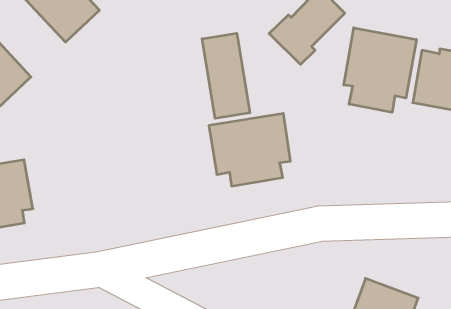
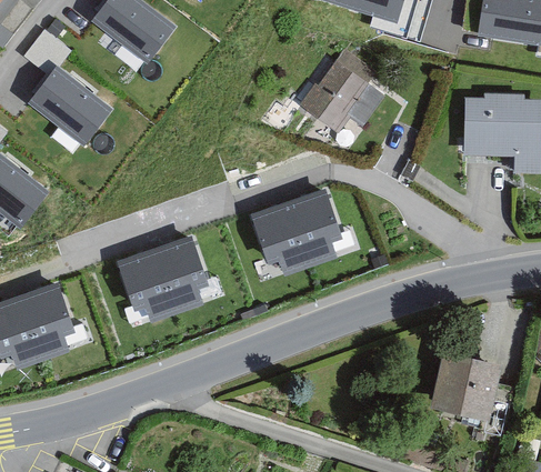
building: [344,28,416,112] -> none
building: [202,33,250,118] -> none
building: none -> [116,241,211,321]

